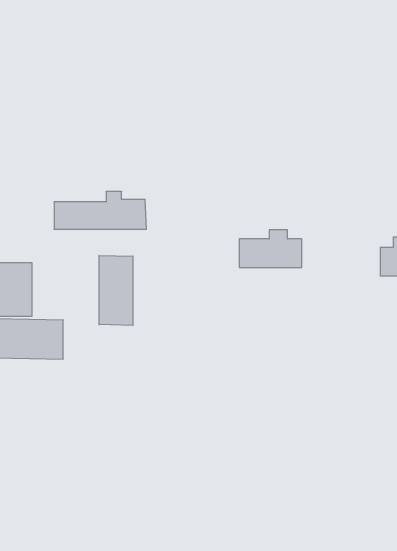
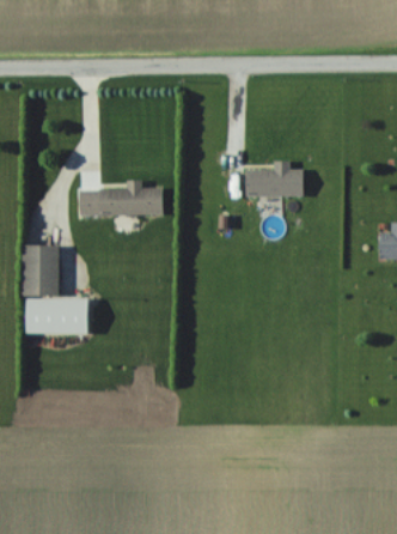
building: [239,230,302,267] -> [246,162,304,196]
building: [99,255,133,325] -> none

